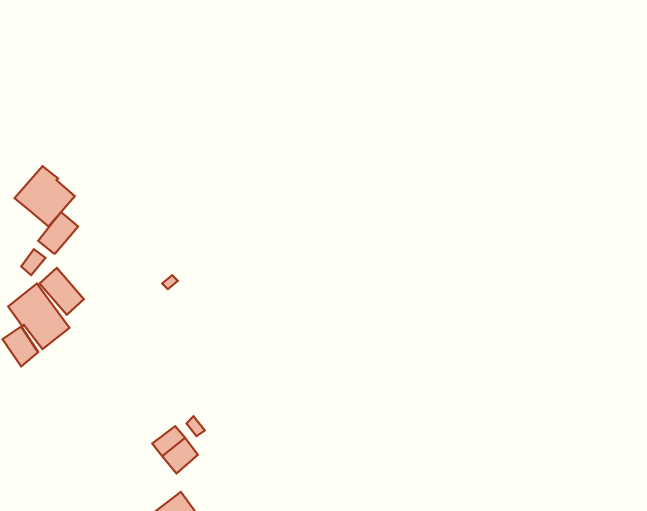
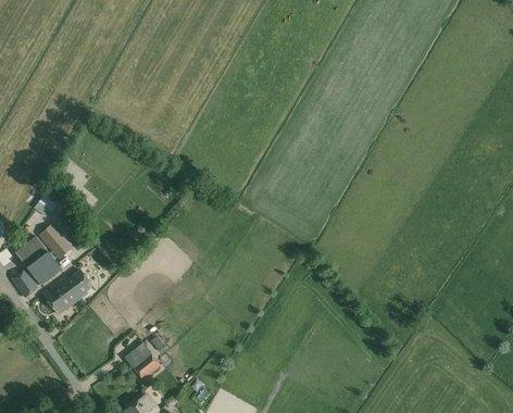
building: [15,166,75,227] -> none
building: none -> [43,270,92,314]

